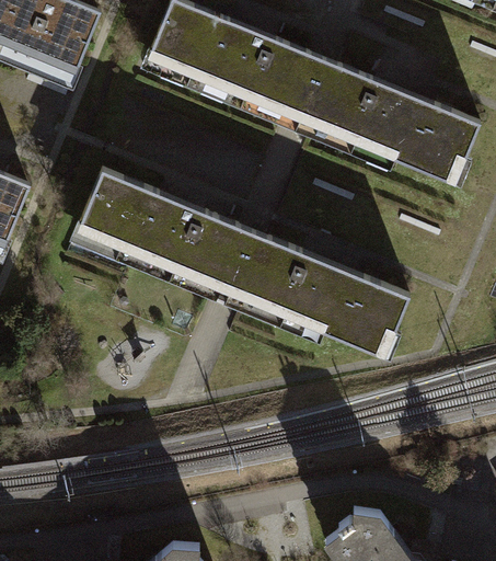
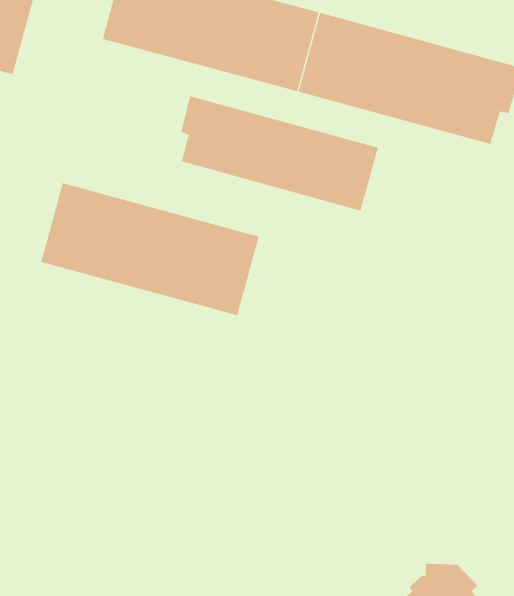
building: none -> [181,95,379,211]
building: [228,232,410,354] -> none

